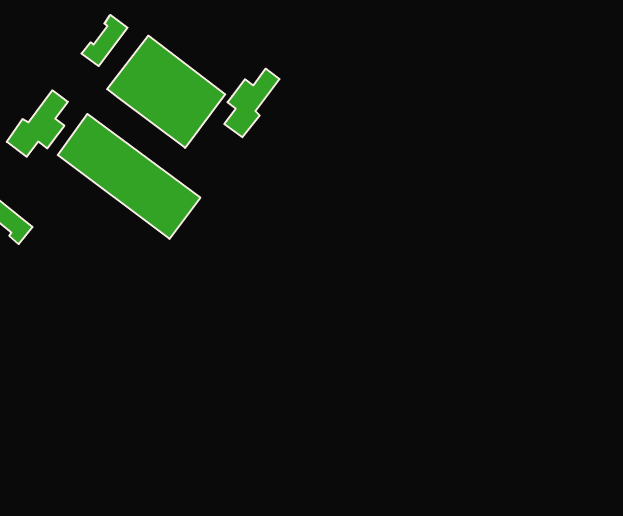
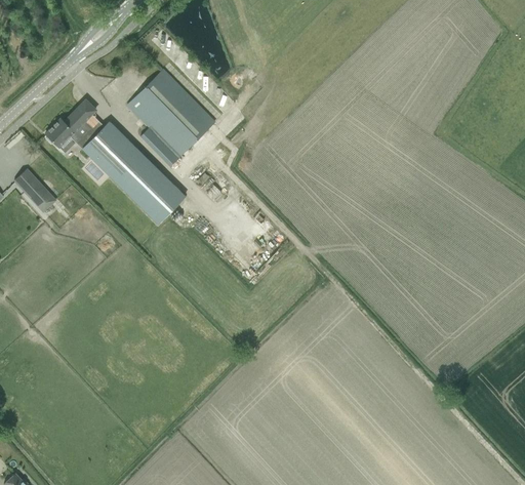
building: [81,15,128,66] -> none
building: [224,69,280,137] -> none

